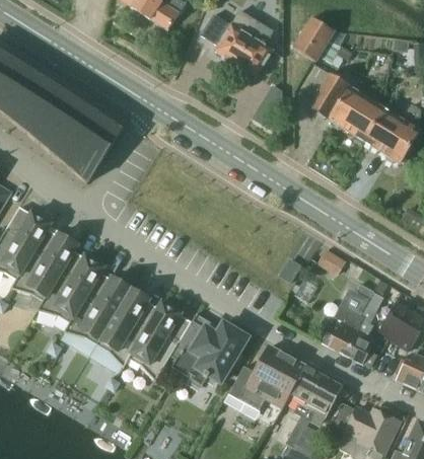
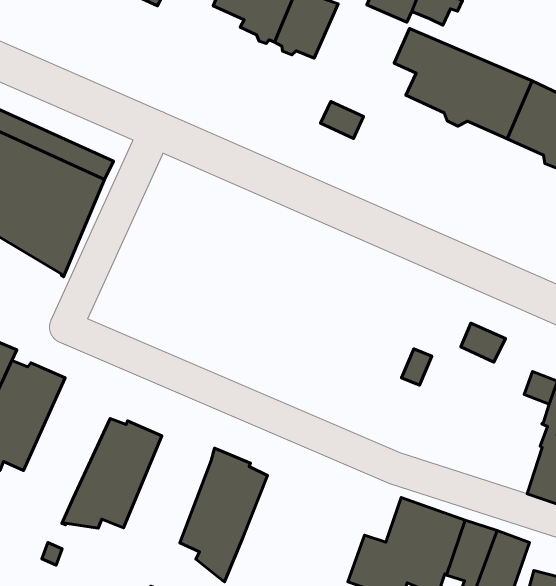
building: [37,250,104,317] -> none
building: [99,288,158,368] -> none
building: [322,303,363,356] -> none
building: [170,313,248,385] -> none

